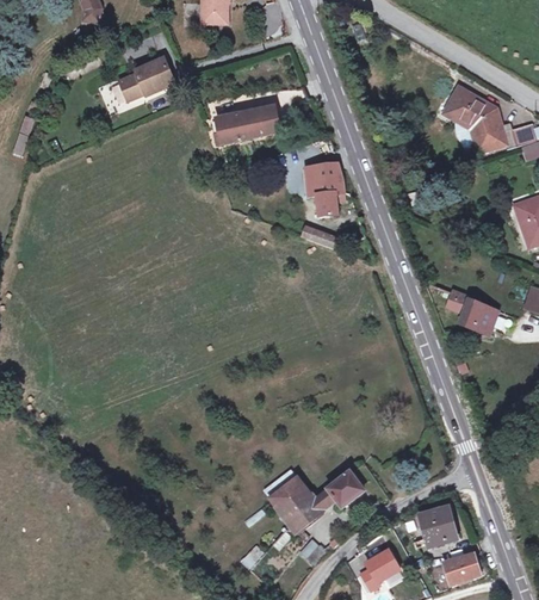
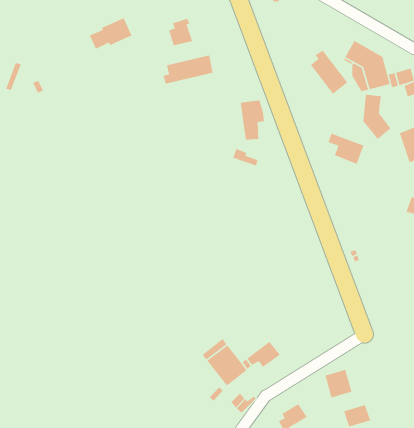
building: none -> [168,18,193,46]
building: none -> [310,49,348,95]
building: none -> [363,94,392,140]
building: [451,292,498,334] -> [327,132,365,165]

